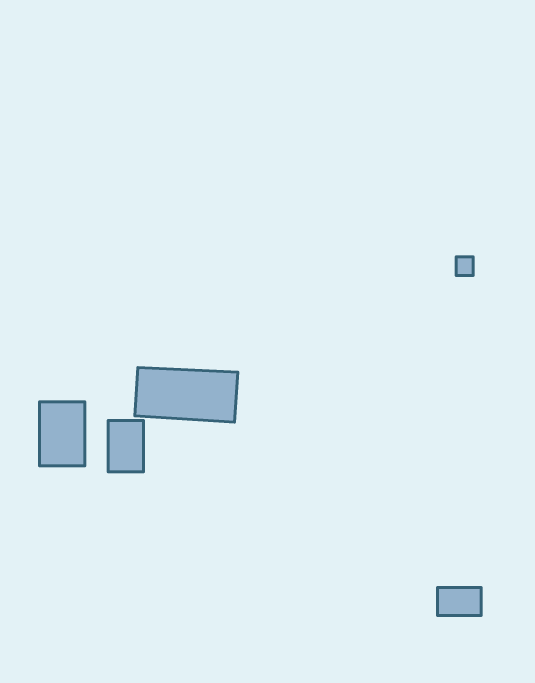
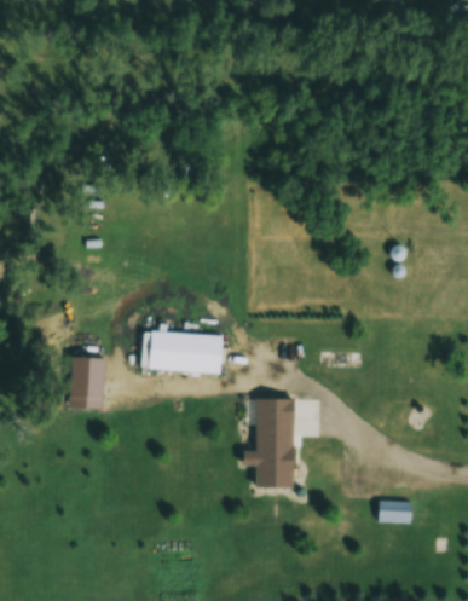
building: [108,421,144,472] -> none
building: none -> [243,399,293,489]

